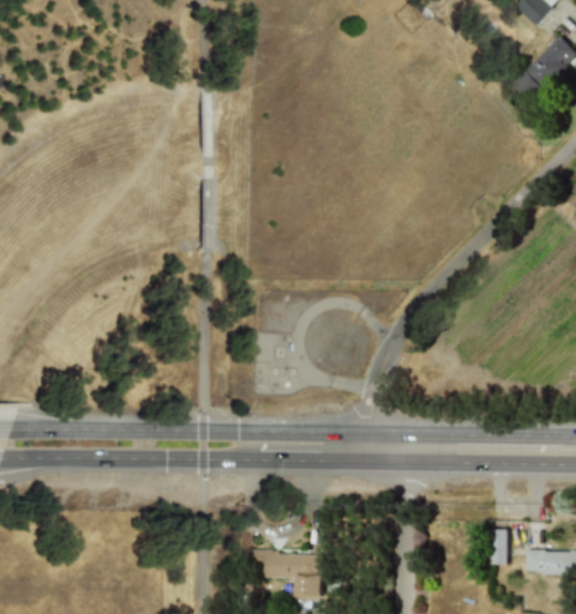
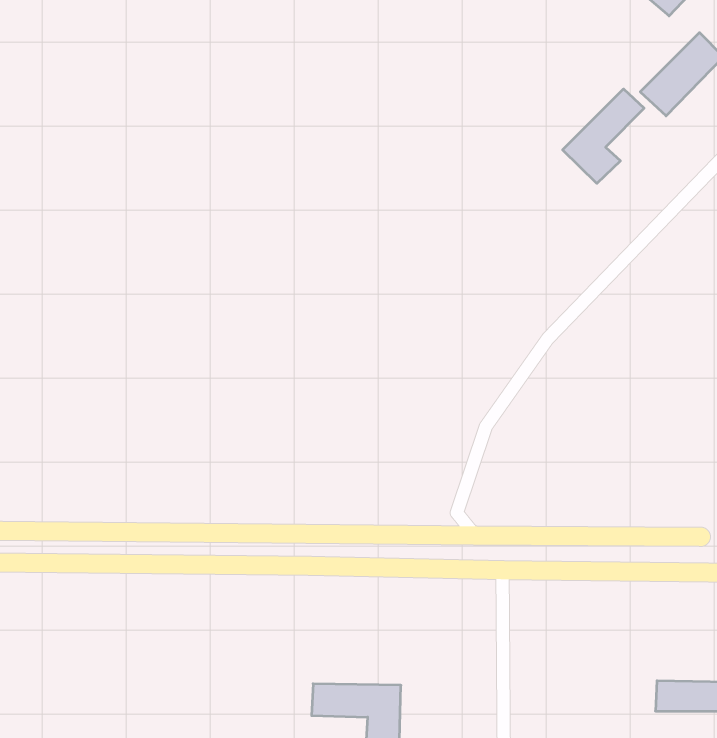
building: none -> [563,89,644,183]
building: [487,529,506,564] -> none

